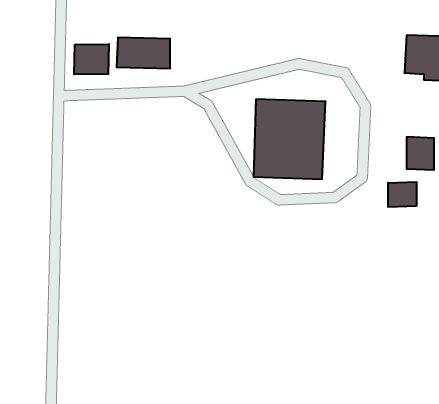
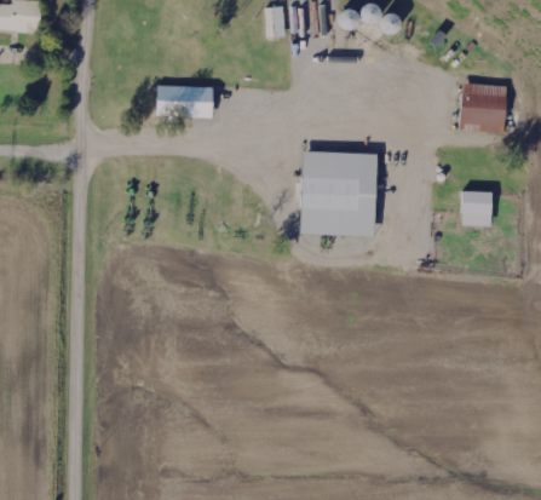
building: [74,44,109,74] -> none
building: [388,182,416,207] -> none

